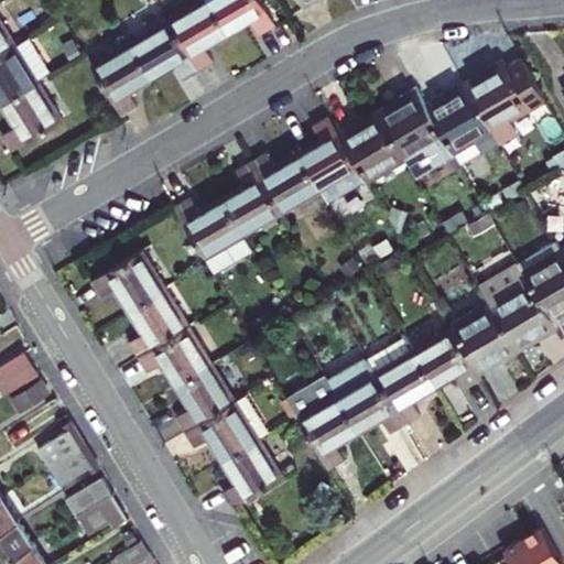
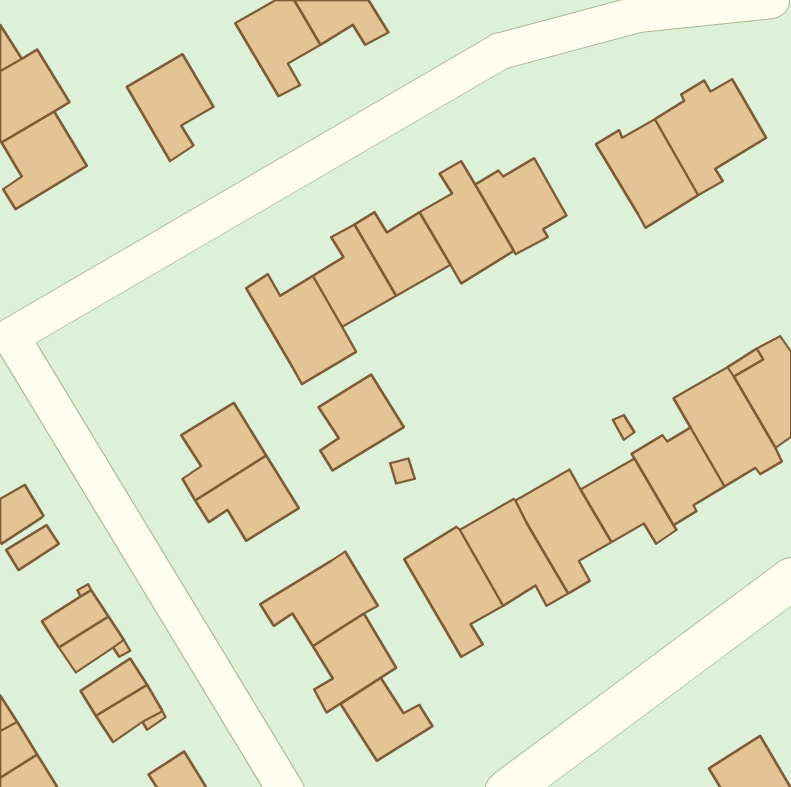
building: [130,20,198,80] -> none
building: [380,89,454,177] -> none
building: [93,251,166,313] -> none
building: [175,365,236,433] -> [319,375,404,471]
building: none -> [341,678,432,761]

